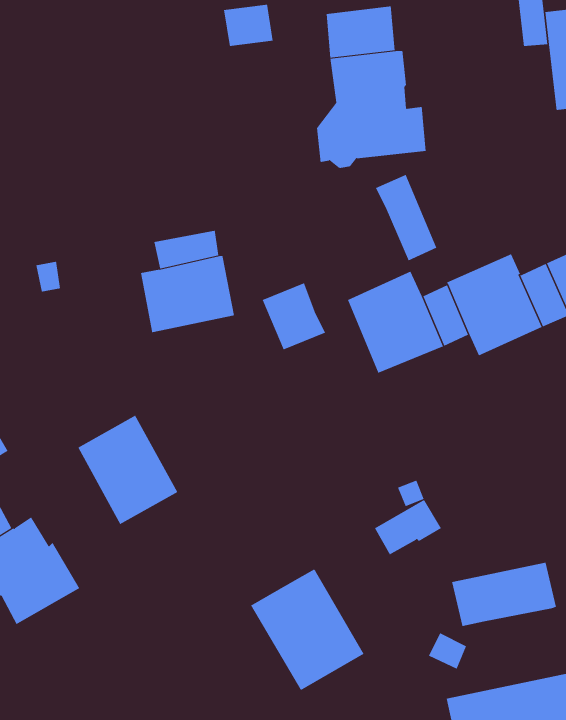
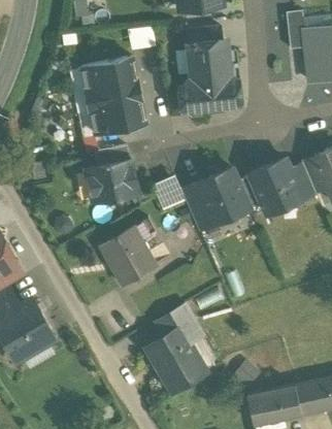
building: none -> [80,57,145,133]
building: [375,174,437,261] -> [180,184,213,230]
building: [77,415,178,525] -> [101,228,155,287]
building: [374,499,442,555] -> [157,305,193,335]
building: [452,562,556,627] -> none

